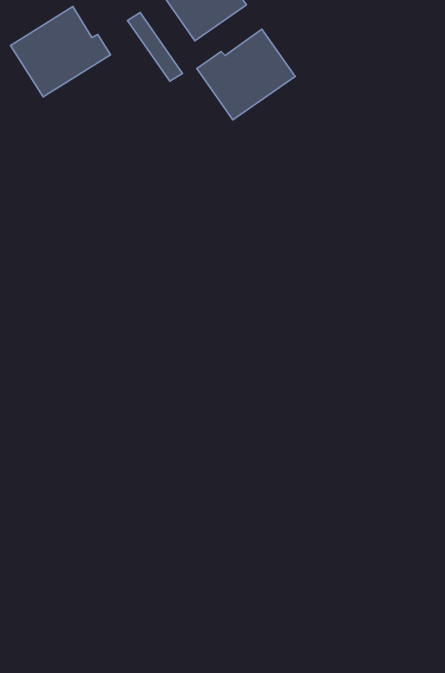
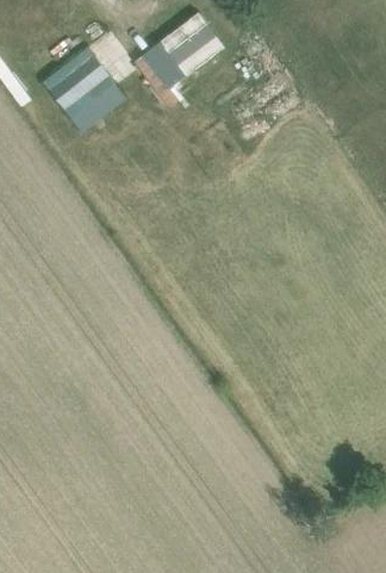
building: [197,29,295,120] -> none

